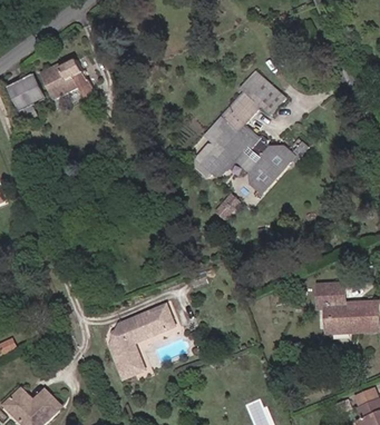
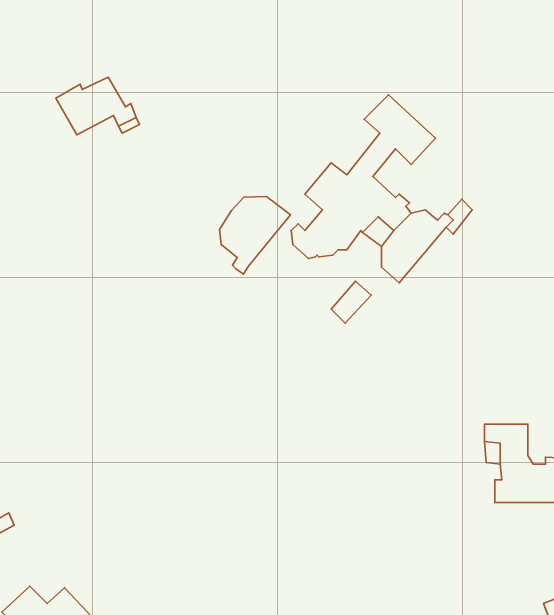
building: [11,73,45,109] -> none
building: none -> [219,197,290,274]
building: [108,307,174,380] -> none

